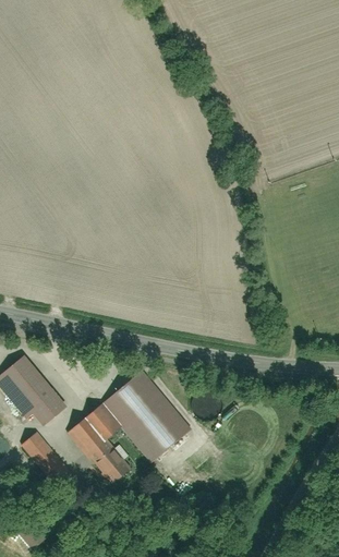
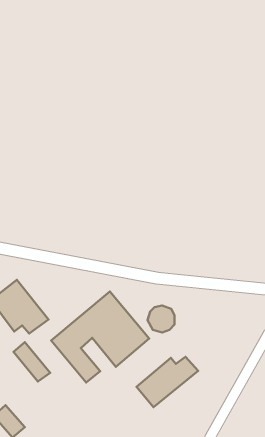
building: none -> [137,357,198,407]

